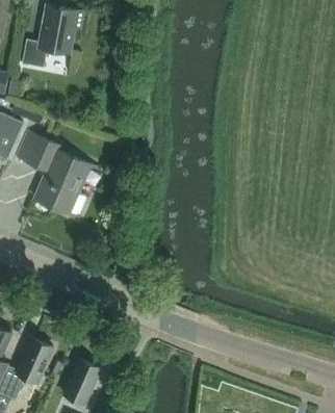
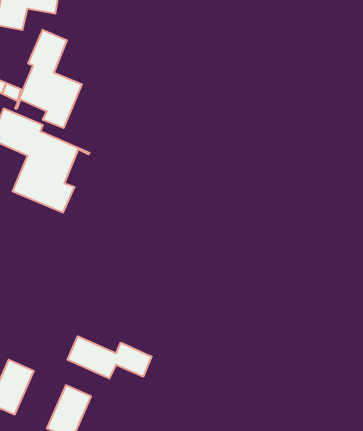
building: none -> [15,30,82,128]
building: none -> [67,336,152,379]

